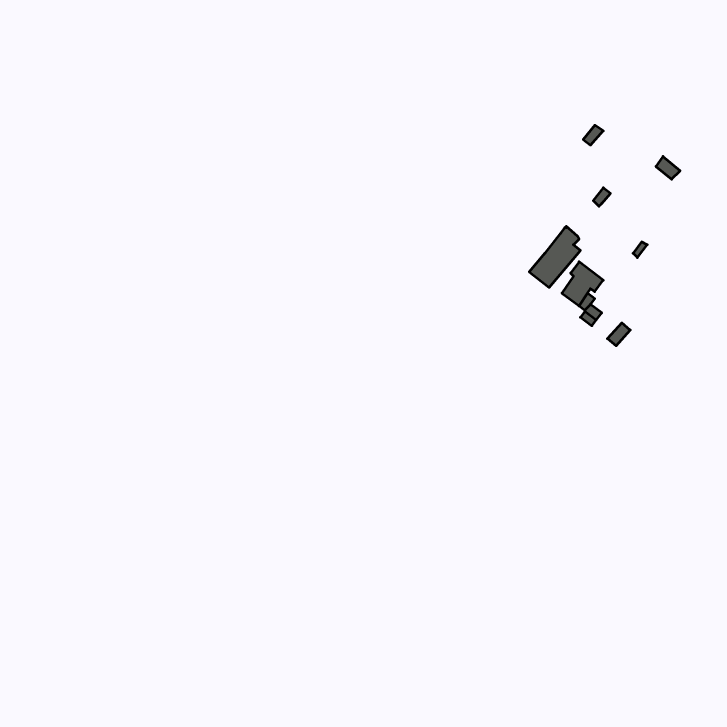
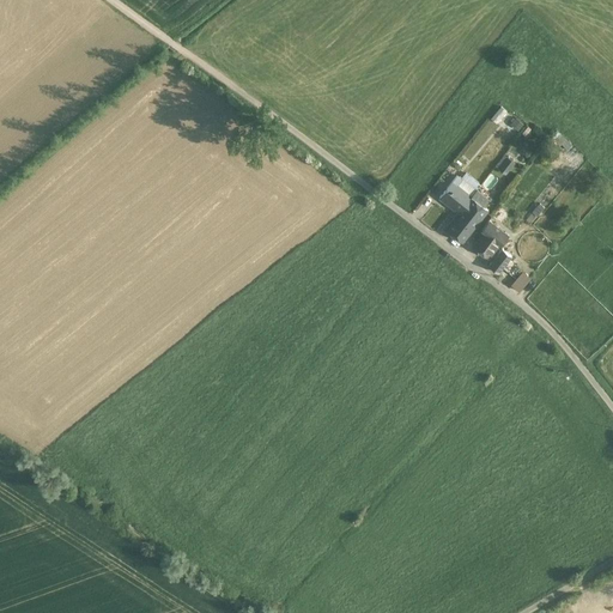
building: none -> [439,181,471,213]

